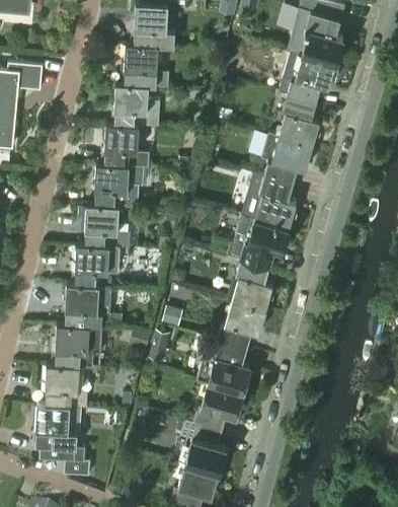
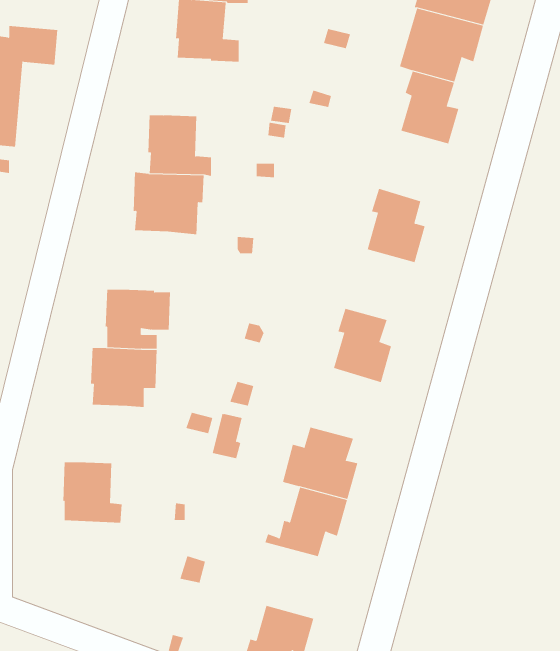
building: [112,85,159,128] -> none
building: [260,134,312,186] -> none
building: [83,206,131,249] -> none
building: [226,216,289,268] -> none
building: [216,301,265,350] -> none
building: [54,325,101,368] -> none
building: [34,406,90,478] -> none
building: [176,421,226,475] -> none

